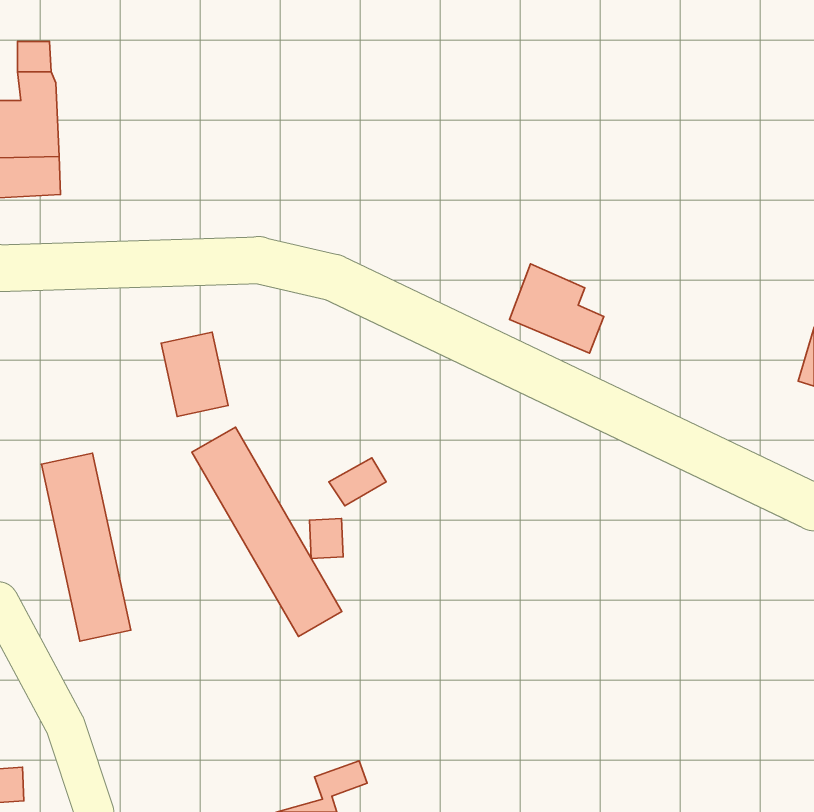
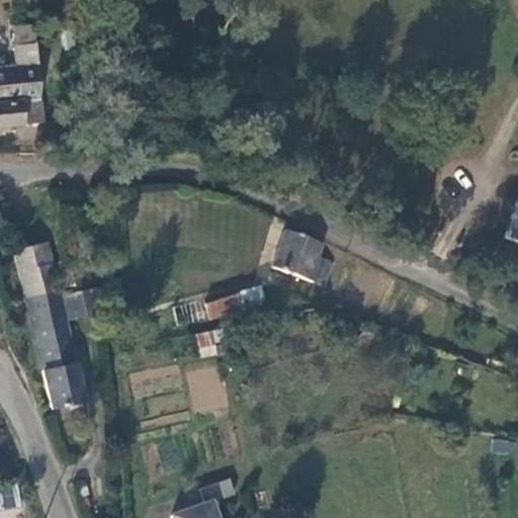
building: [510,264,604,353] -> [275,231,335,287]
building: [161,332,228,417] -> [16,241,59,294]
building: [192,427,342,637] -> none

